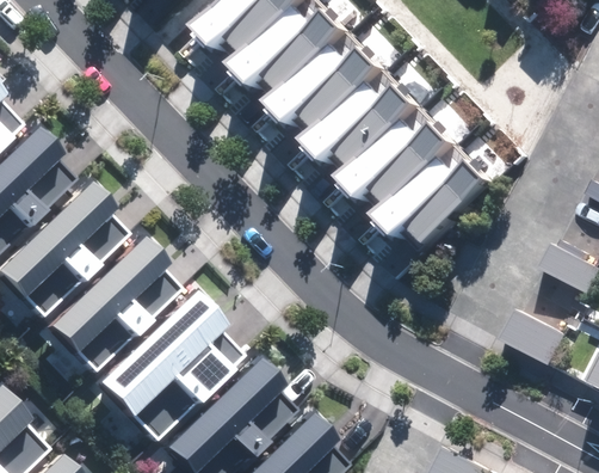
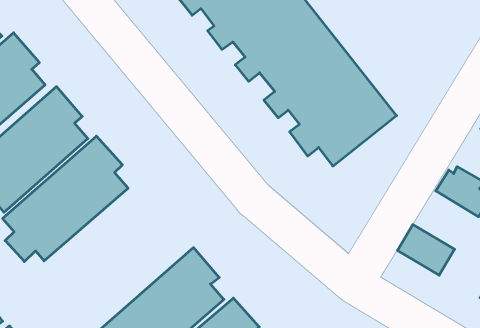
building: [101,291,245,442] -> none

